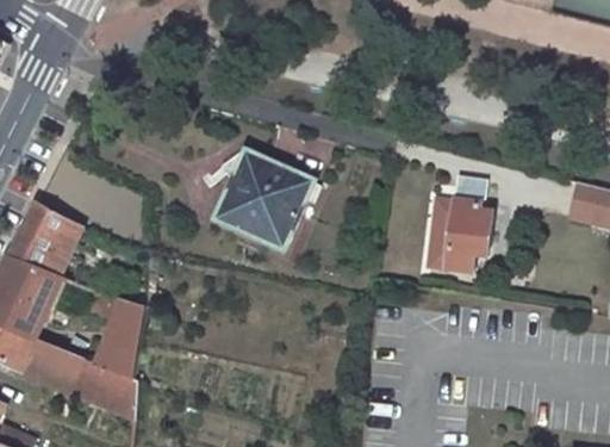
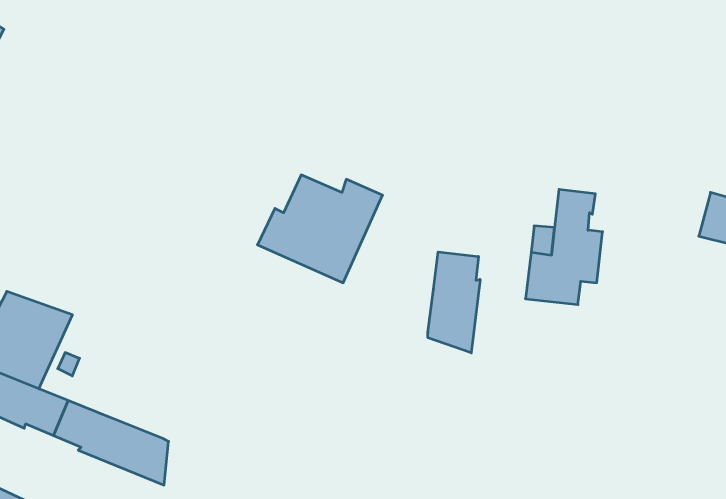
building: [6,205,85,278] -> none
building: none -> [428,252,480,353]
building: [92,293,142,379] -> none

